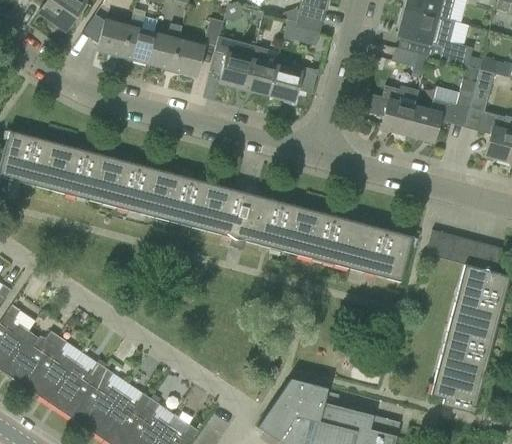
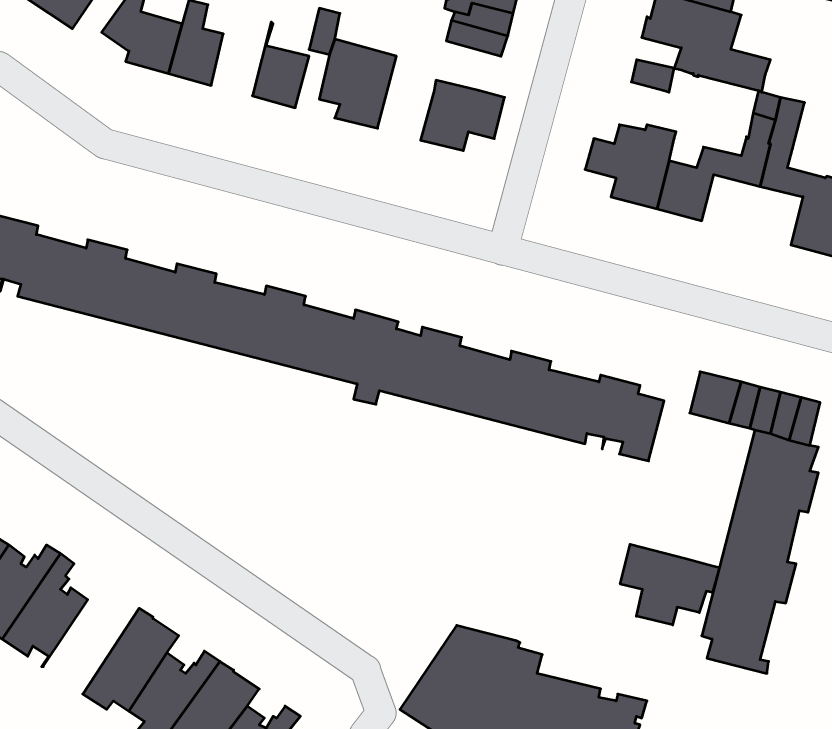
building: [147,23,182,68] -> none
building: [244,45,277,94] -> none
building: none -> [620,544,719,625]
building: [53,352,105,417] -> none

